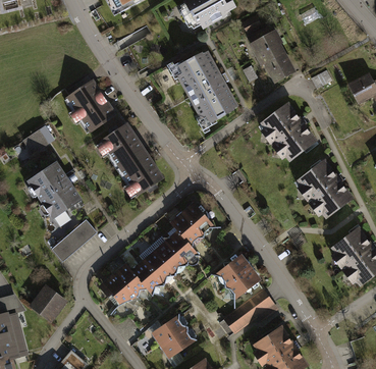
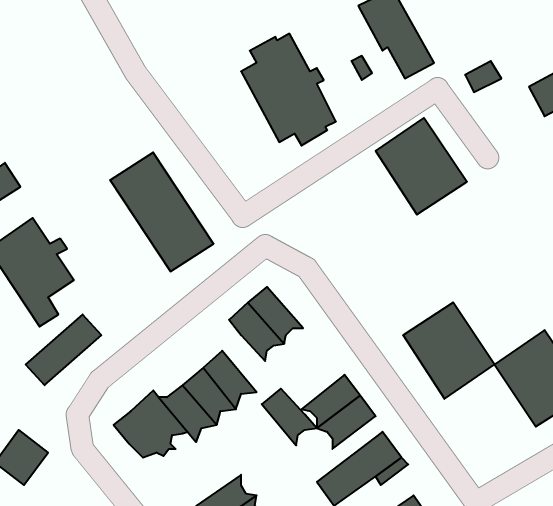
building: [64,82,115,133] -> none
building: [296,162,350,219] -> [403,302,494,399]
building: [167,231,200,265] -> [262,389,317,445]

